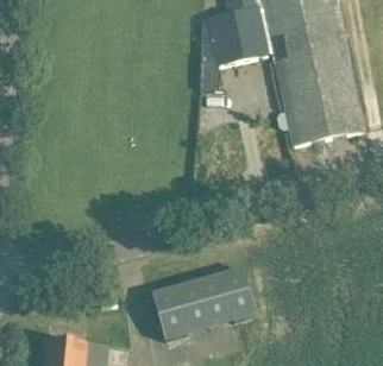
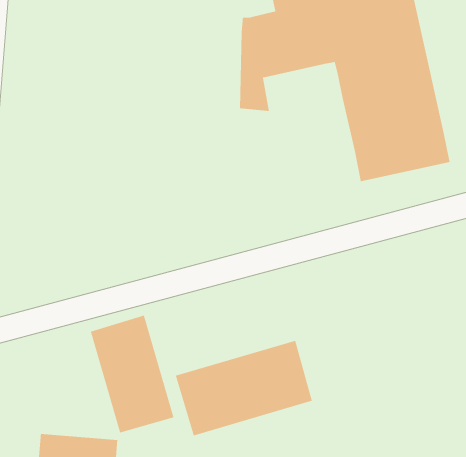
building: none -> [90,315,175,433]

